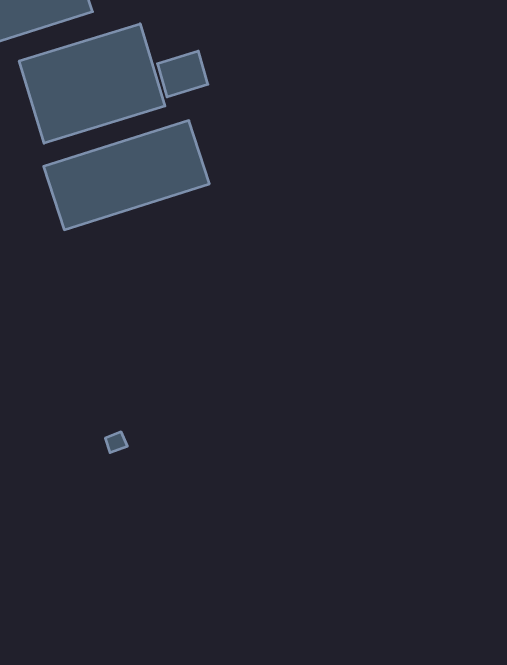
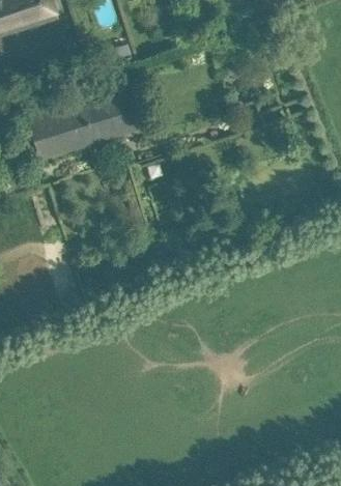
building: [19,24,165,143] -> none

